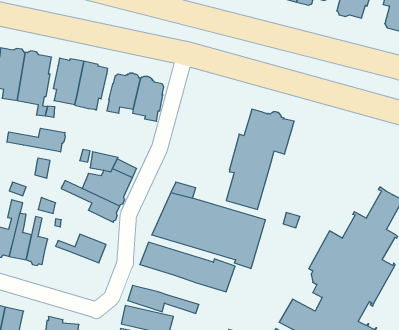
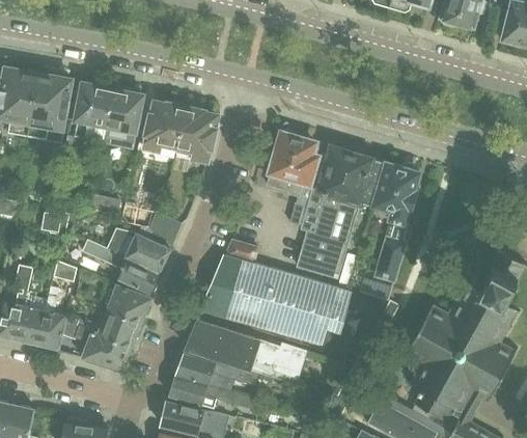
building: none -> [266,131,329,225]
building: none -> [372,163,418,282]
building: [7,128,65,152] -> none
building: none -> [107,284,150,323]
building: none -> [61,317,132,369]
building: none -> [175,354,258,388]

